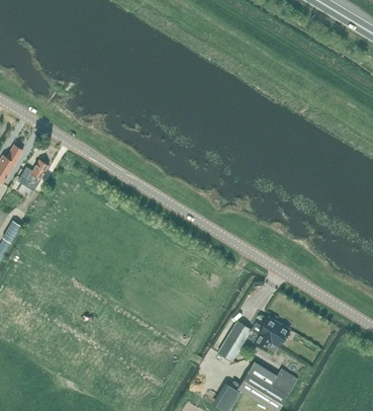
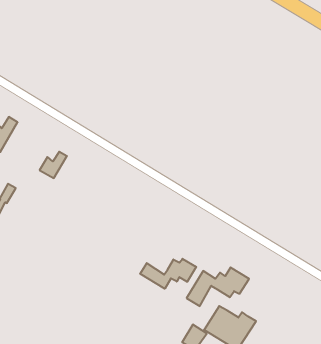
building: [17,160,49,190] -> [40,152,67,178]
building: none -> [140,259,196,289]

